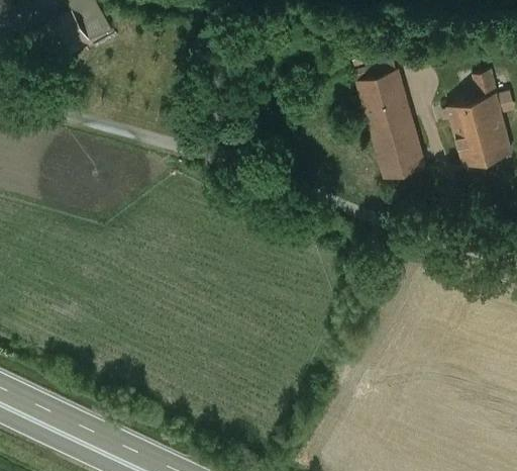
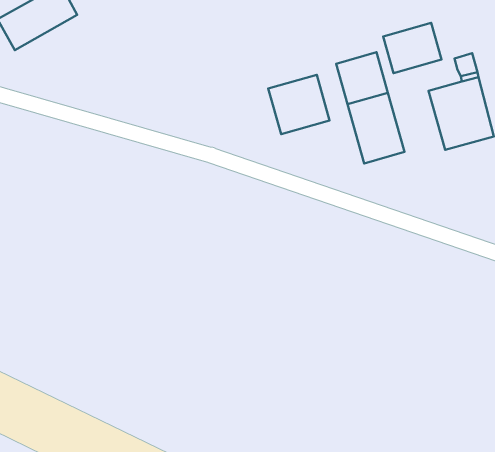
building: none -> [383,23,441,73]
building: none -> [268,75,330,134]

